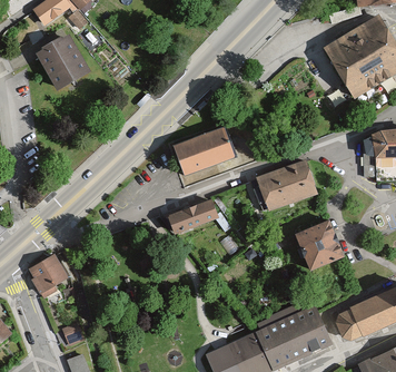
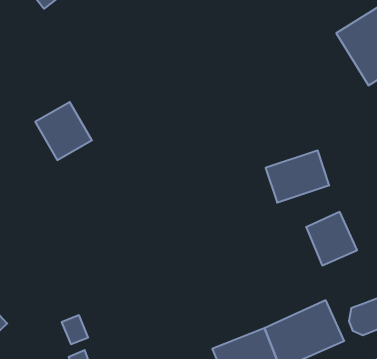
building: [34,36,89,91] -> [35,102,92,160]
building: [172,127,235,176] -> none
building: [166,199,217,235] -> none
building: [28,254,67,296] -> none

